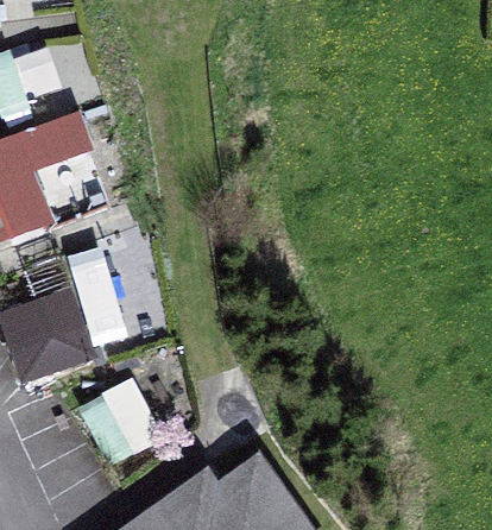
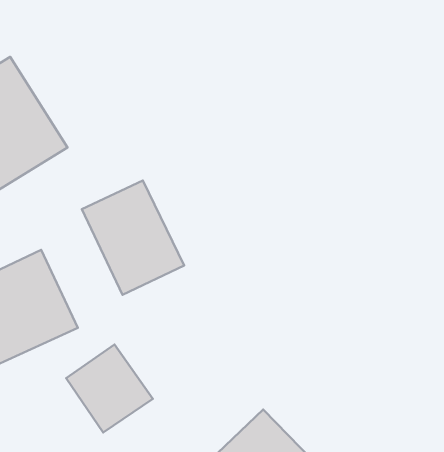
building: none -> [82,181,184,295]

